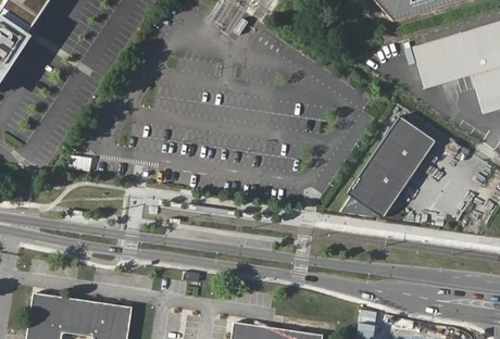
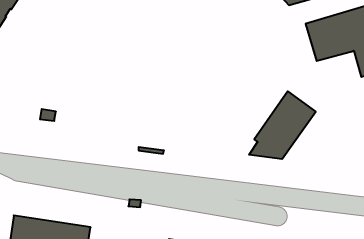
building: [388,118,435,159] -> none

